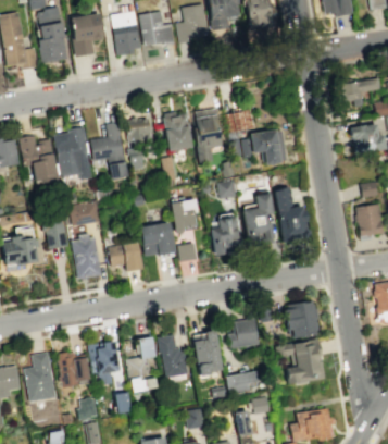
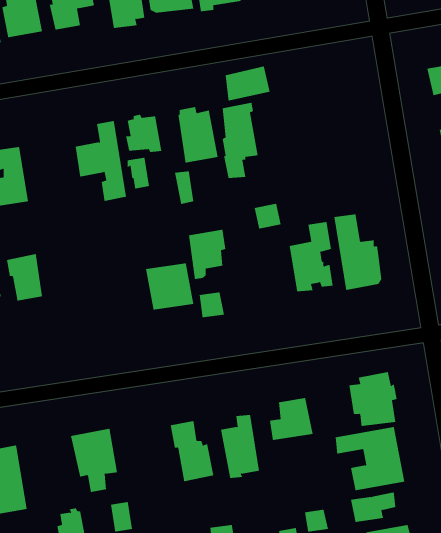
building: [225,108,258,133] -> [225,66,271,101]
building: [54,127,92,180] -> none
building: [250,130,287,165] -> none
building: [70,201,100,225] -> none
building: [211,217,239,256] -> none
building: [71,233,101,279] -> none
building: [108,242,142,271] -> none
building: [126,336,158,393] -> none
building: [58,352,90,387] -> none
building: [225,370,258,392] -> [350,492,396,523]

